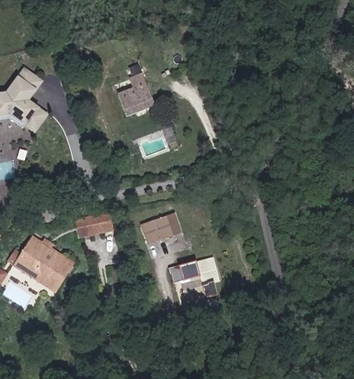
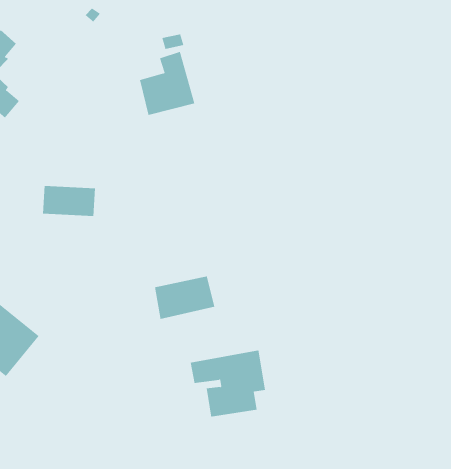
building: [76,214,110,234] -> [42,185,96,216]

